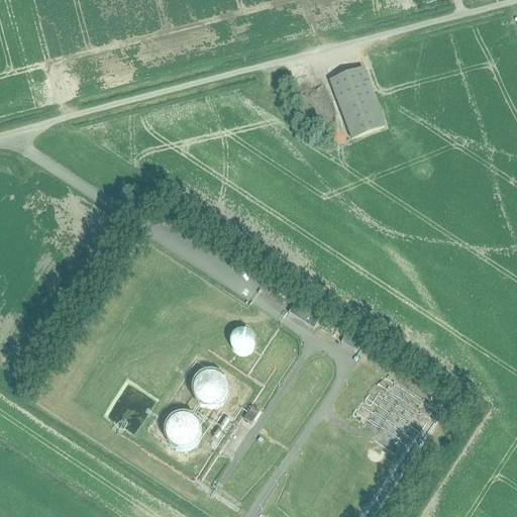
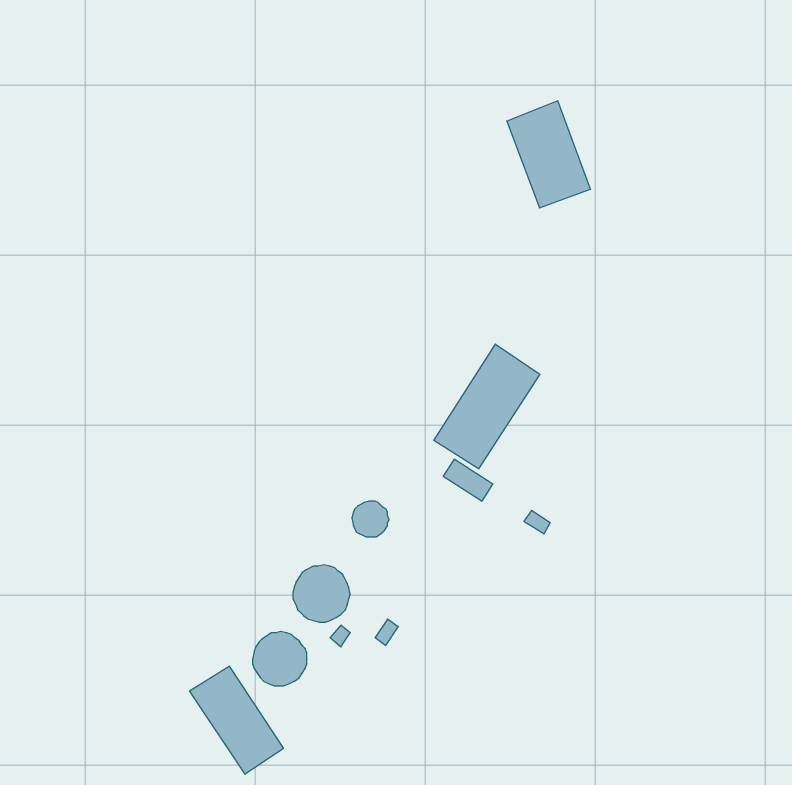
building: none -> [434,344,540,469]
building: none -> [190,666,283,774]

